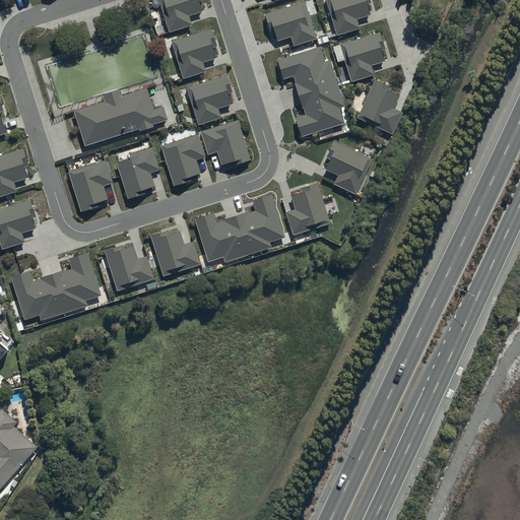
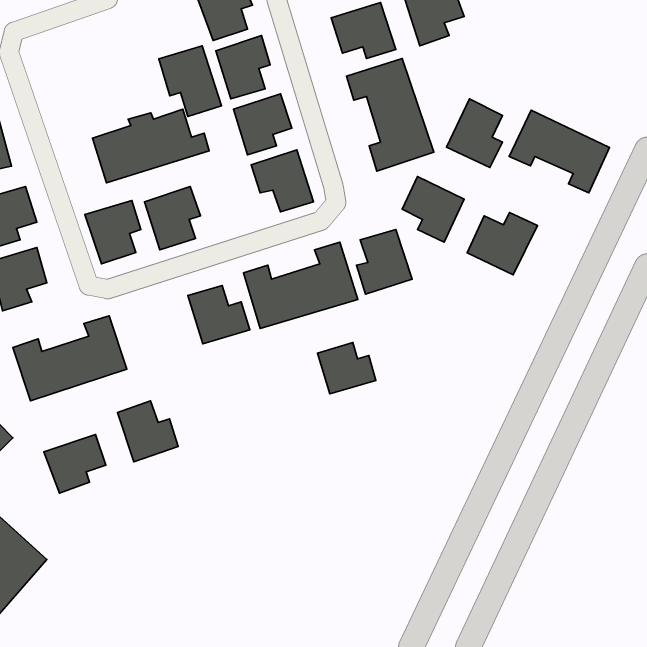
building: [337,31,385,81] -> none
building: none -> [159,46,221,116]
building: none -> [509,110,610,193]
building: [160,135,205,186] -> none
building: none -> [467,213,537,275]
building: [105,242,153,290] -> [117,401,178,462]
building: none -> [317,343,376,394]
building: none -> [44,434,106,493]

